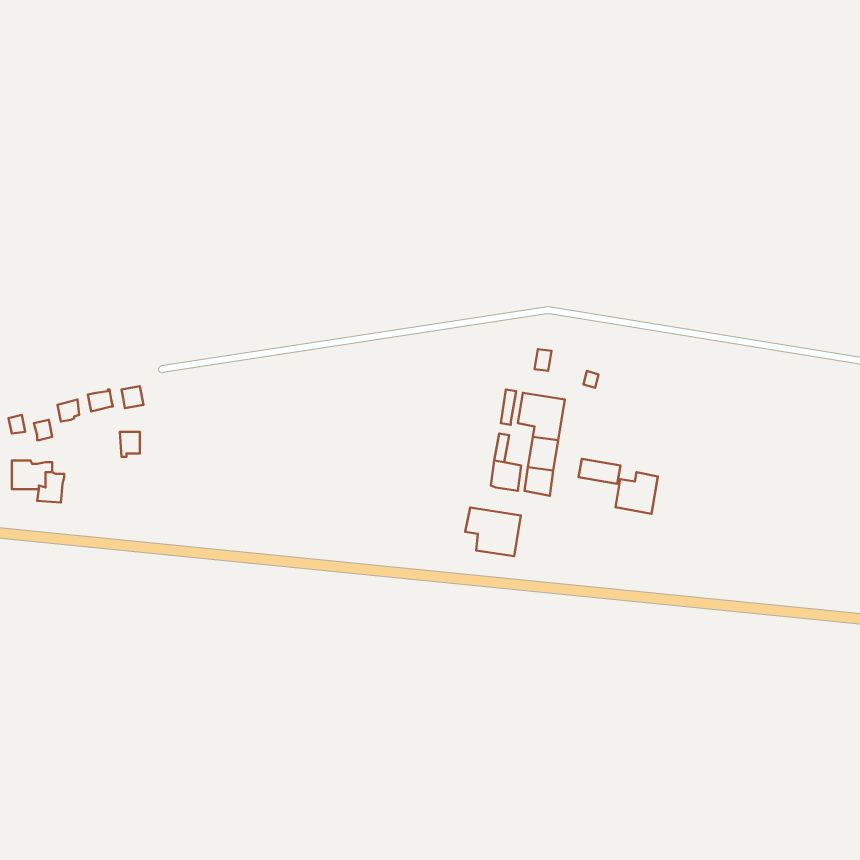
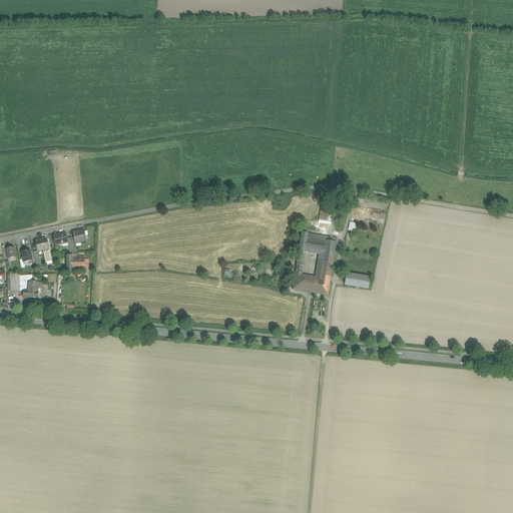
building: [615,472,658,514] -> none
building: [465,508,521,556] -> none

